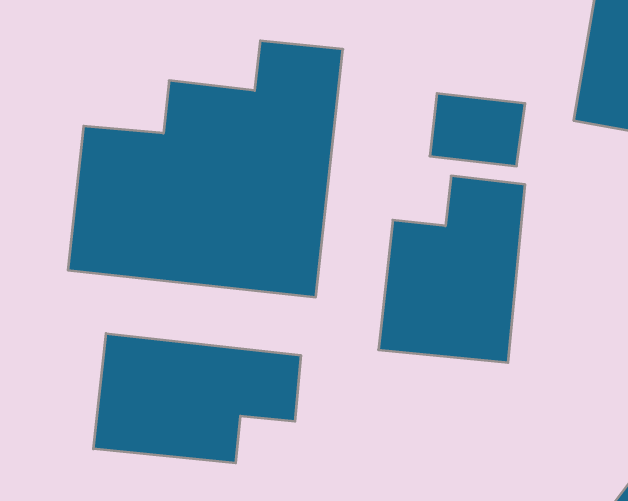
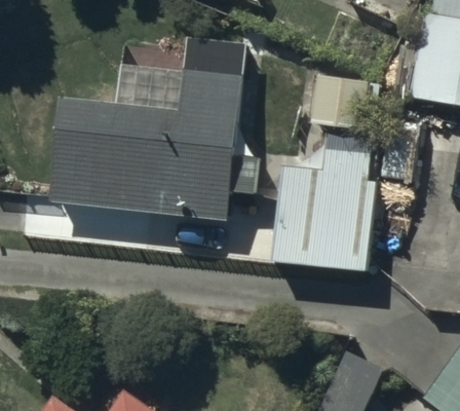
building: [93,333,301,463] -> none

